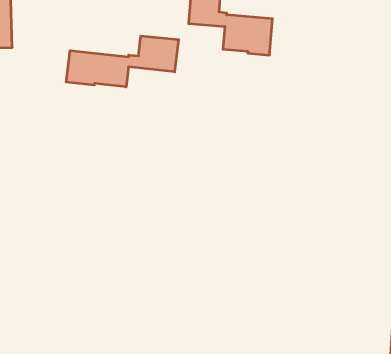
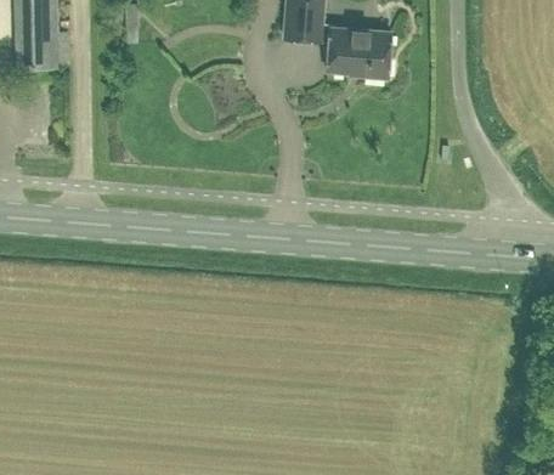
building: [66,36,179,87] -> none

